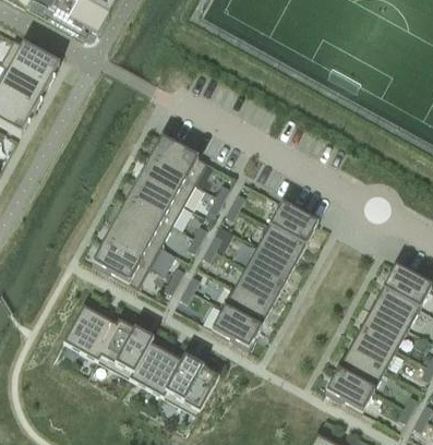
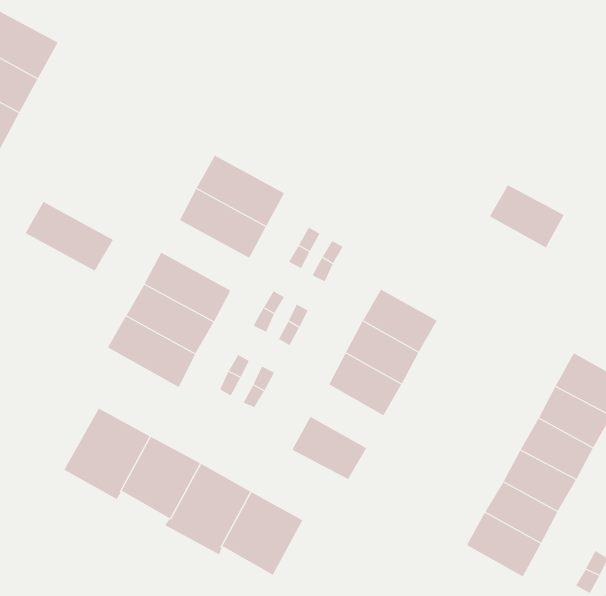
building: [127,180,184,226] -> [25,201,114,272]
building: [269,204,318,245] -> [489,185,565,248]
building: [224,287,272,328] -> none

